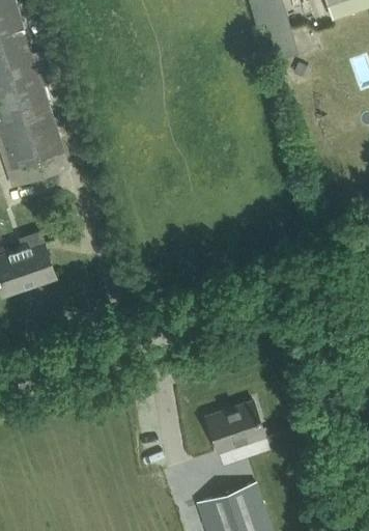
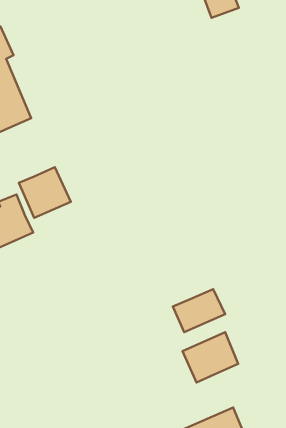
building: none -> [19,167,71,218]
building: none -> [173,289,225,332]

